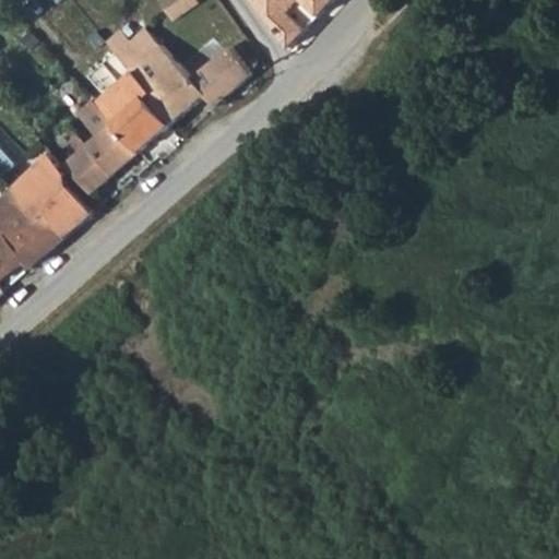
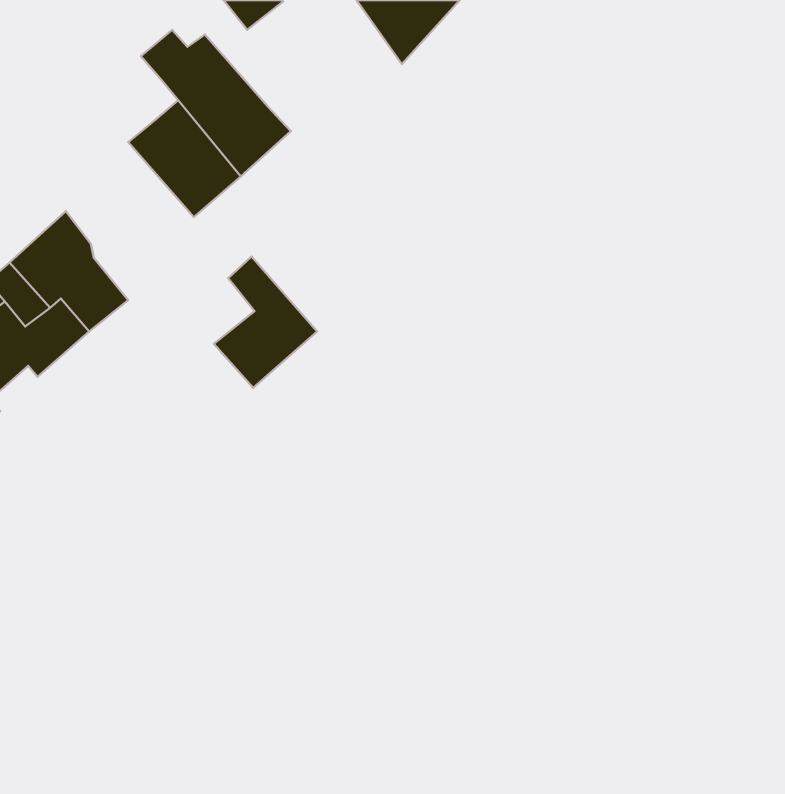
building: [187,46,248,105] -> none
building: [63,103,135,194] -> [214,256,317,388]

